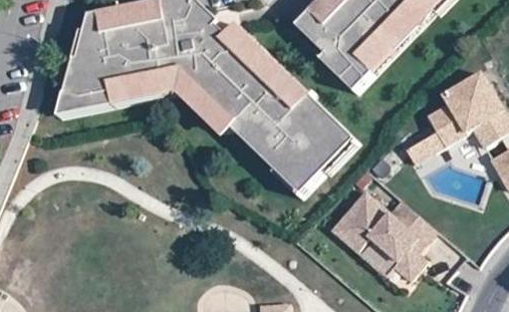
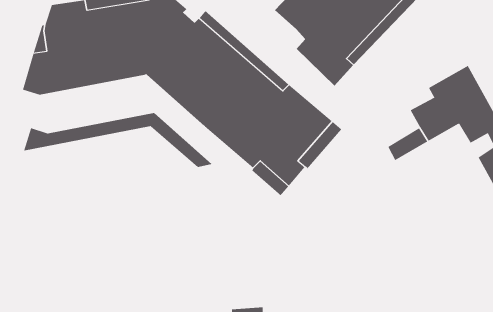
building: [55,82,232,133] -> [23,113,213,167]
building: [329,192,434,281] -> none

